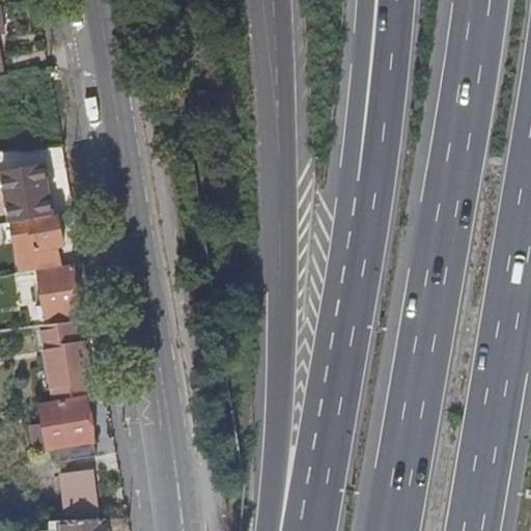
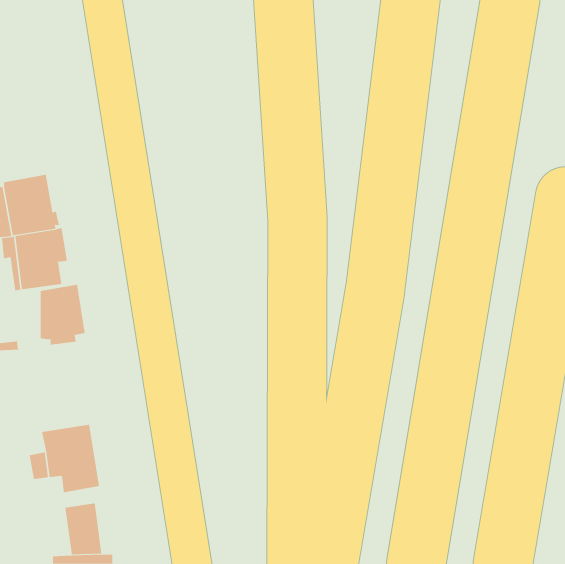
building: [43,319,90,391] -> none

